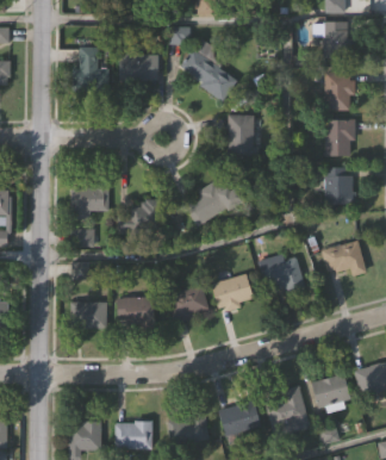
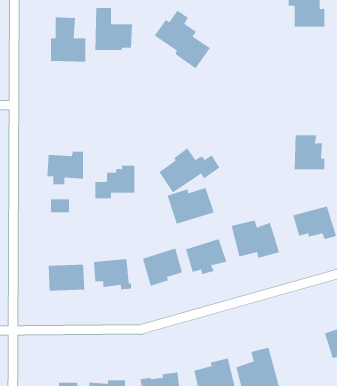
building: [325,73,355,110] -> none
building: [229,114,261,158] -> none
building: [326,119,357,155] -> none
building: none -> [167,187,214,225]
building: [309,369,350,410] -> none

